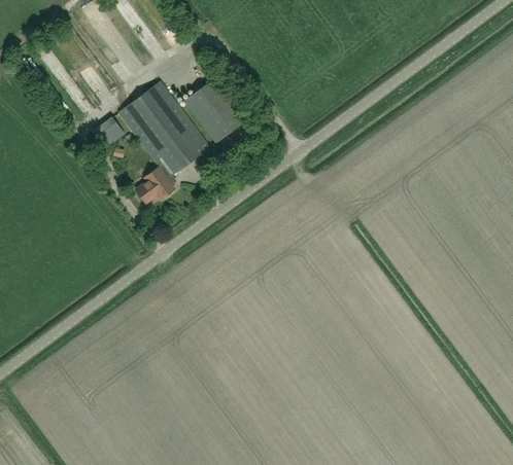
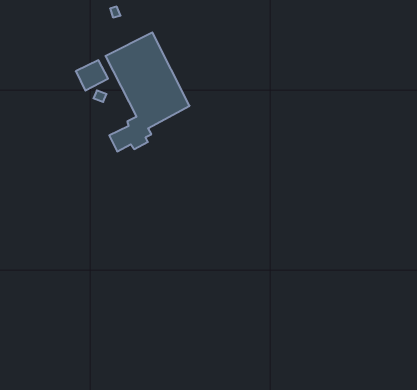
building: [184,78,245,142] -> none

